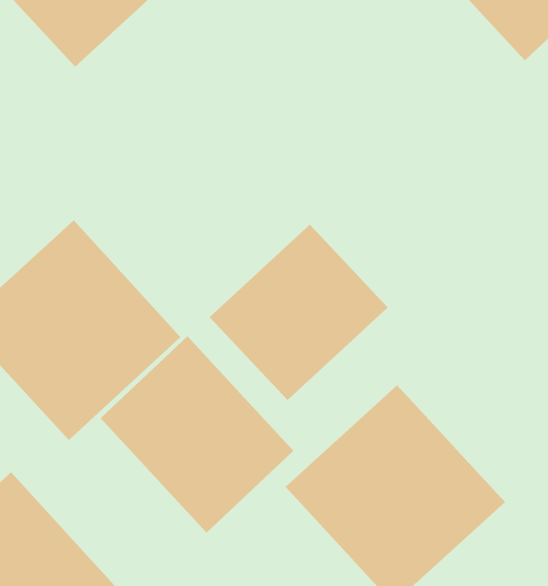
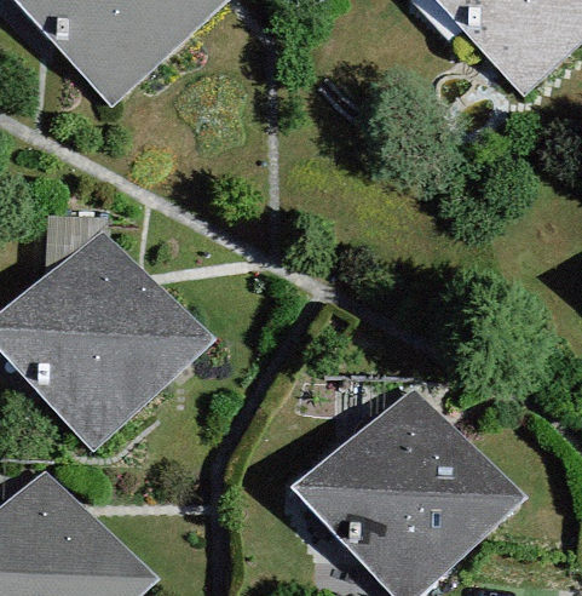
building: [209,224,388,401] -> none
building: [100,335,294,533] -> none

